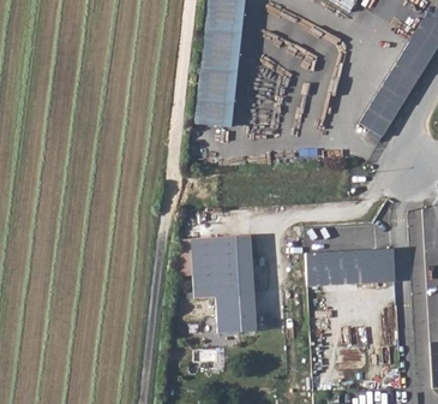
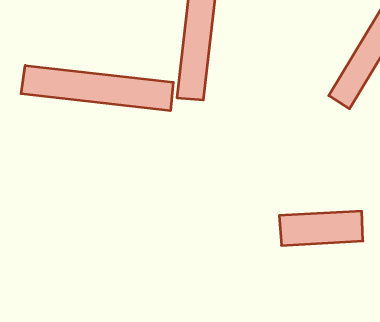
building: none -> [21,65,173,111]
building: [191,239,257,337] -> none

